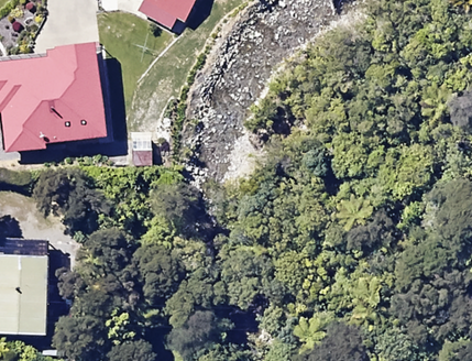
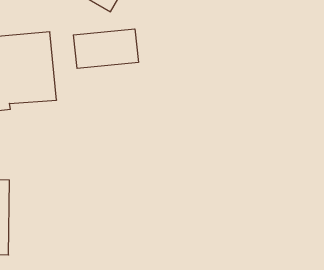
building: none -> [73,29,138,68]

